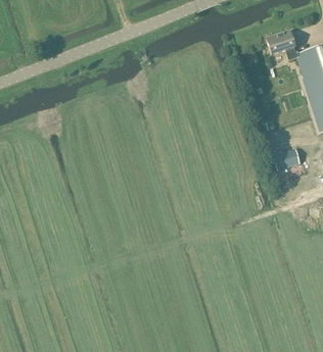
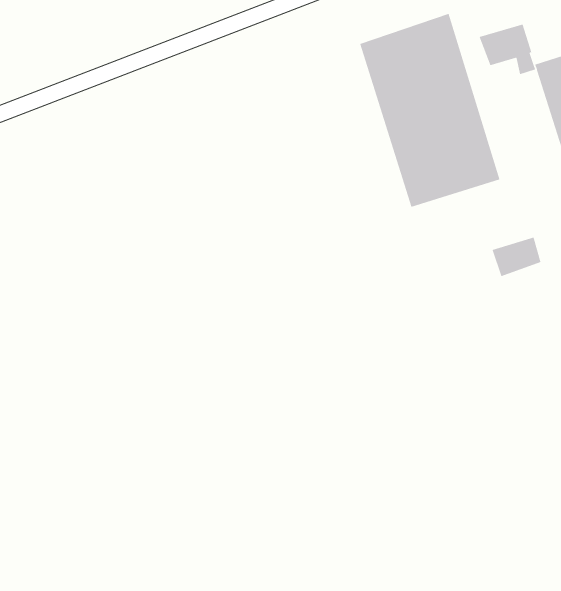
building: none -> [359,13,500,208]

